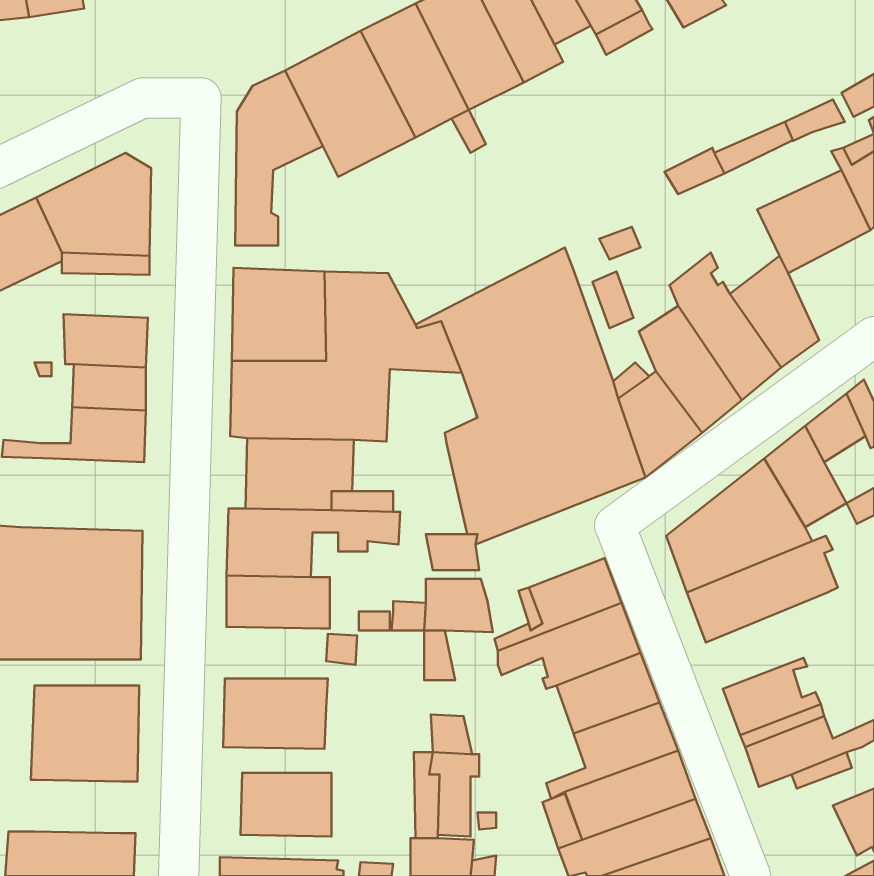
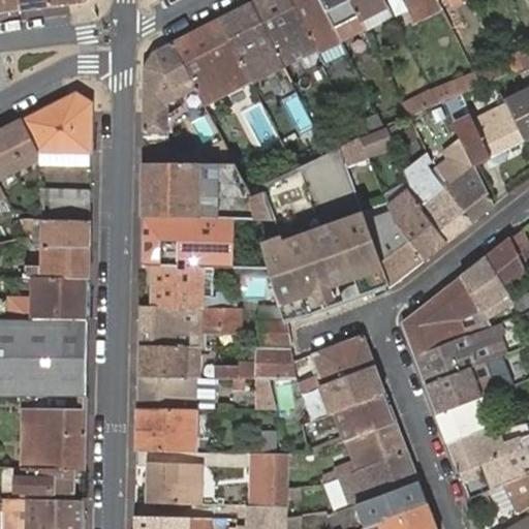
building: none -> [12,276,87,319]
building: none -> [425,356,509,414]
building: none -> [135,377,193,408]
building: none -> [21,469,73,501]

